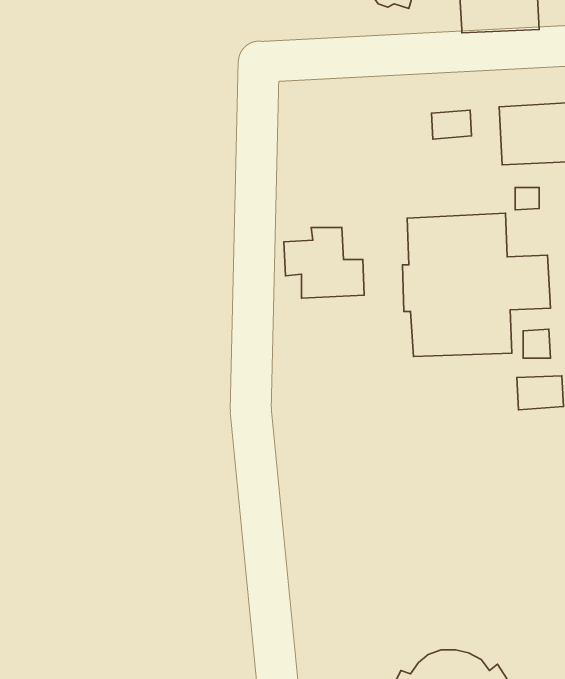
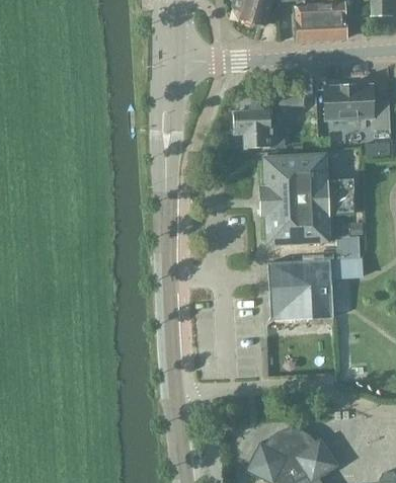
building: [284,227,364,298] -> [233,103,284,148]
building: none -> [265,259,333,325]

